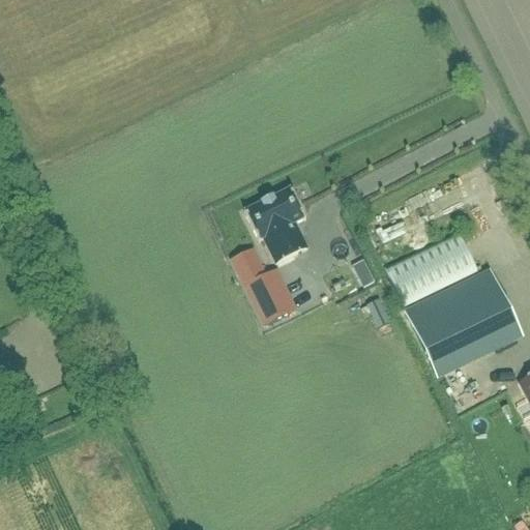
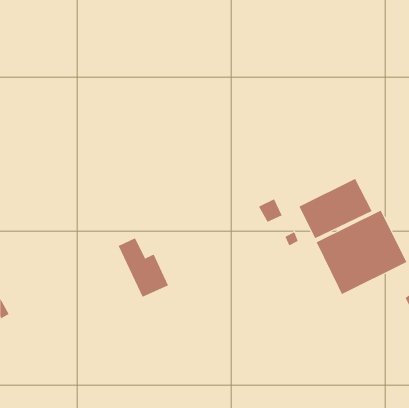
building: [245,185,308,261] -> none
building: [232,247,297,324] -> [118,238,169,298]

